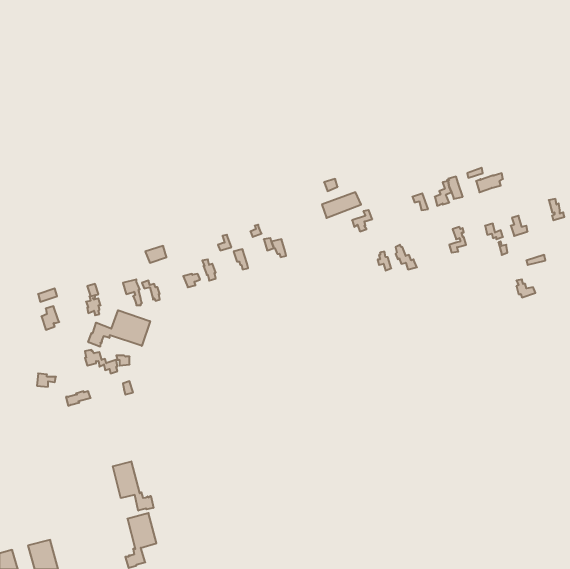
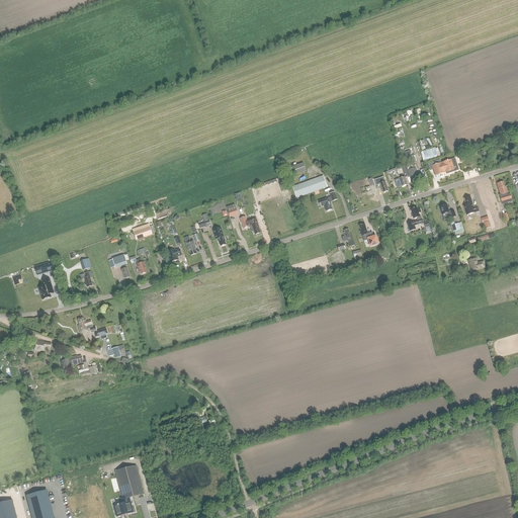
building: [88,310,150,347] -> none
building: [113,461,153,511] -> none

